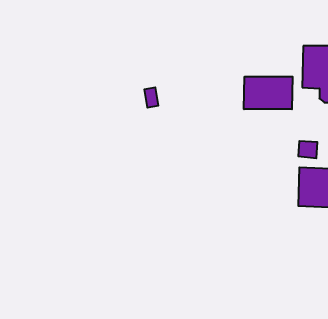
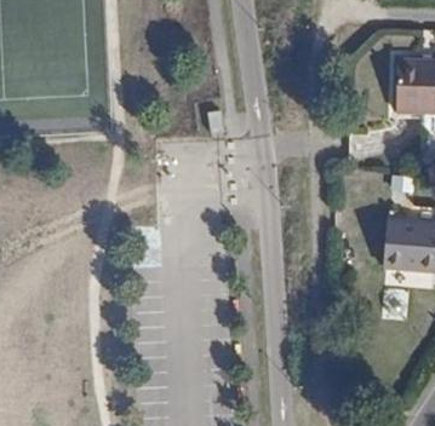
building: [244,77,293,109] -> none

